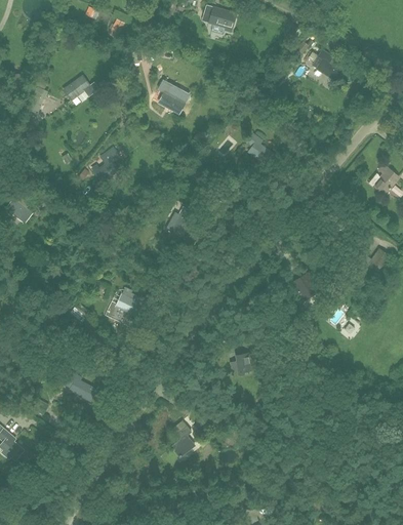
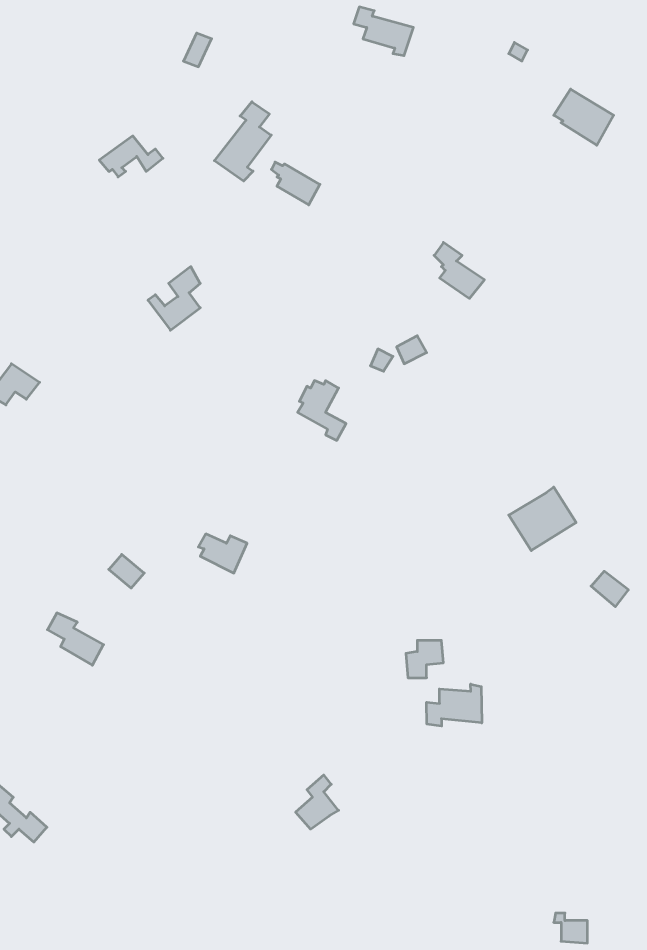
building: none -> [214,102,271,181]
building: [65,371,95,400] -> [47,613,104,665]
building: none -> [427,684,482,726]

